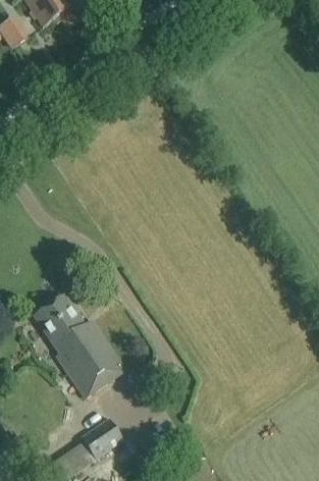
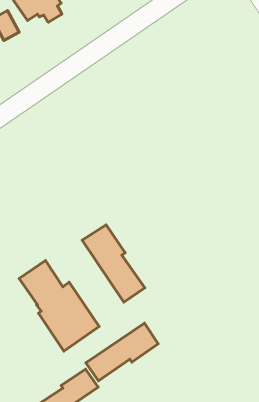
building: none -> [82,225,145,302]
building: none -> [86,323,158,381]

